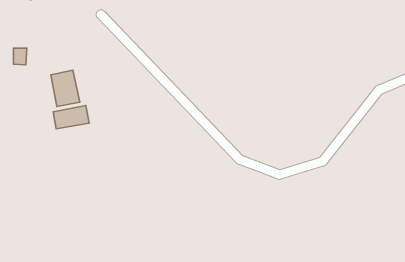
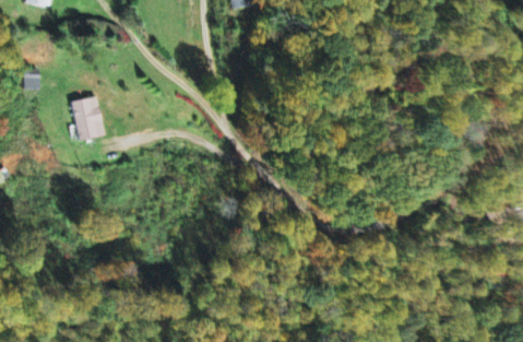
building: [53,105,89,129] -> none

